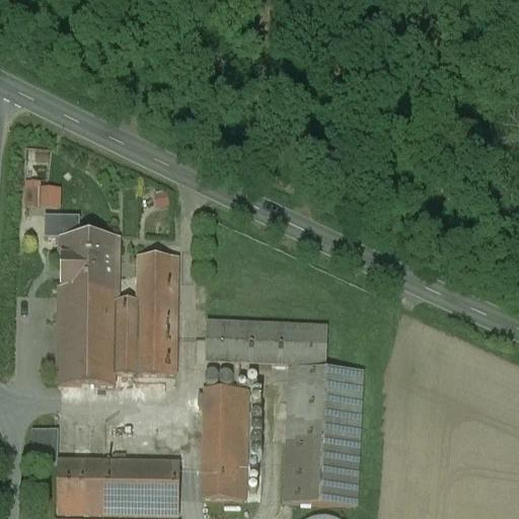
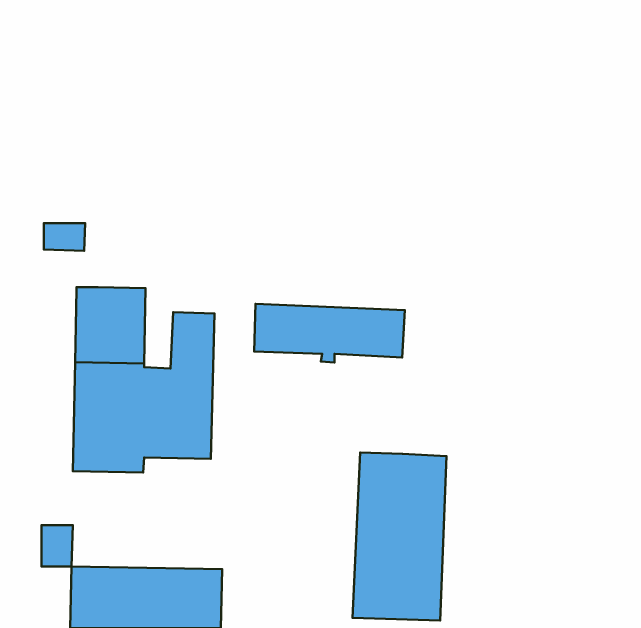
building: [45,212,80,234] -> none
building: [206,319,327,367] -> [254,304,405,363]
building: [203,384,246,496] -> none

